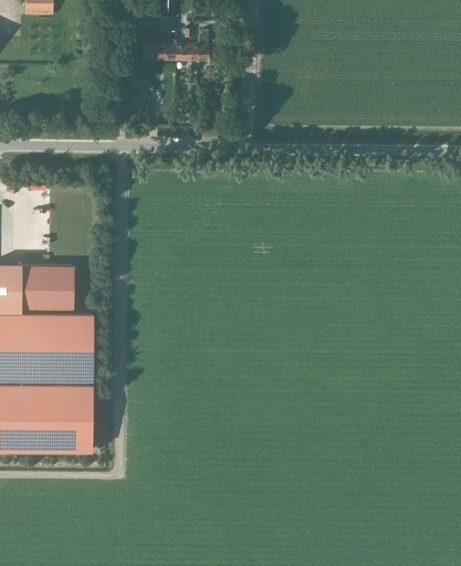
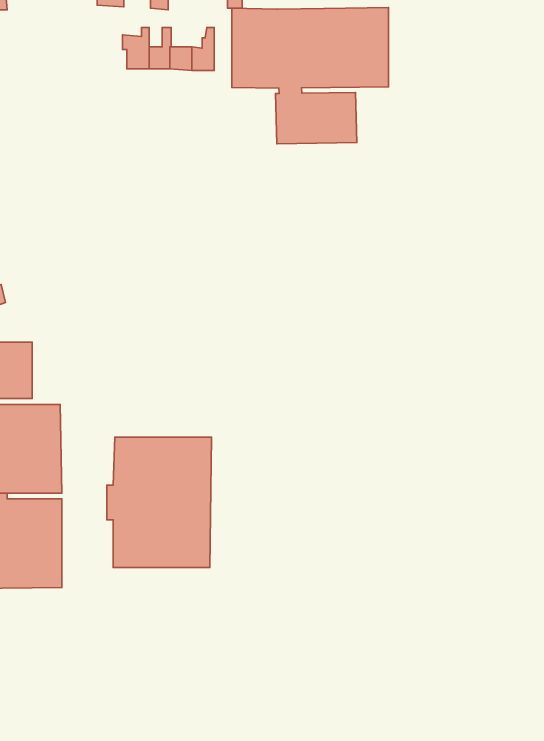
building: none -> [232,8,389,144]
building: none -> [107,437,211,568]

